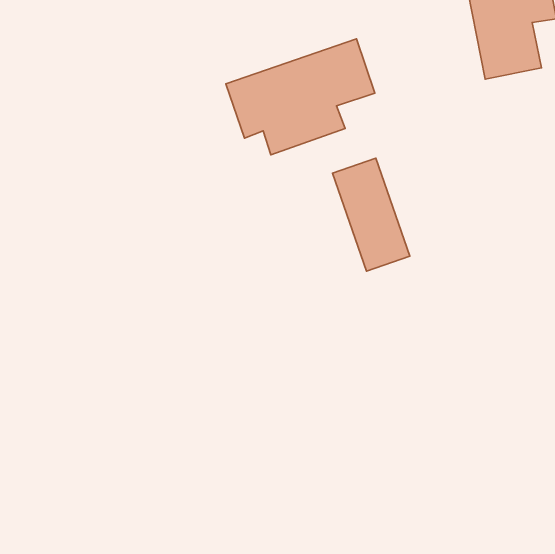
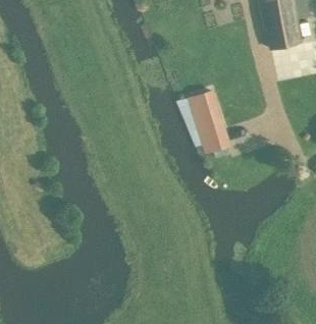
building: [226,39,375,155] -> none

